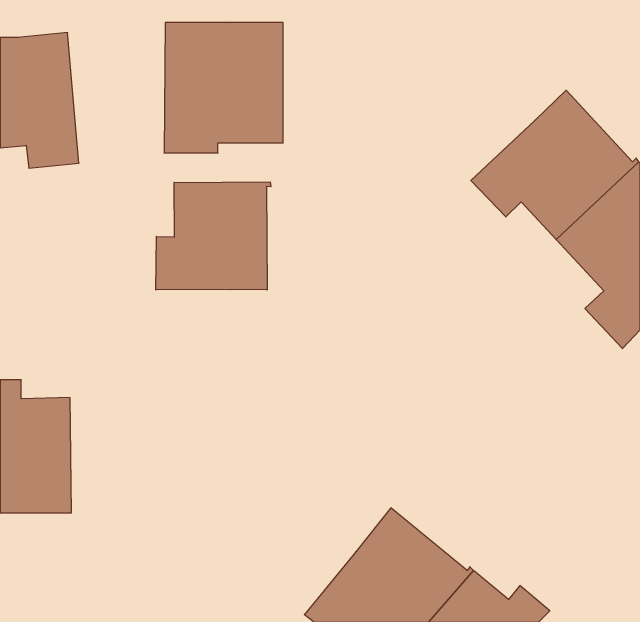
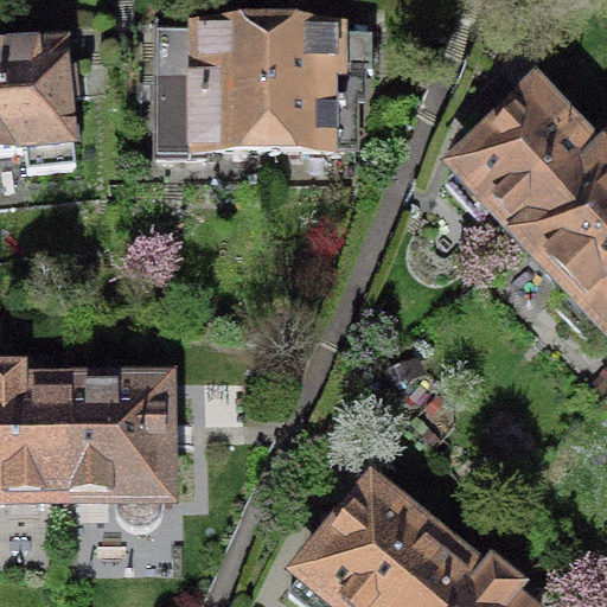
building: none -> [268,20,372,135]
building: [156,182,271,290] -> none
building: none -> [66,376,164,515]

